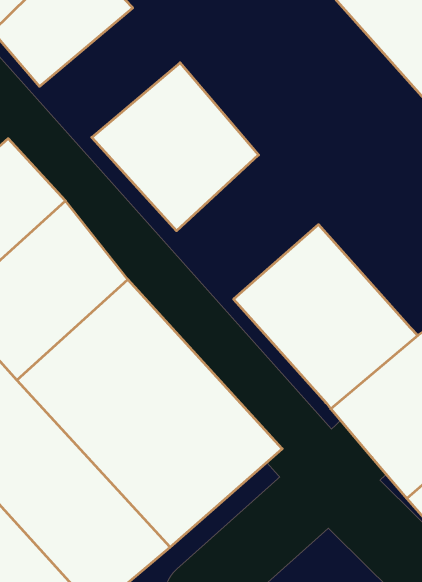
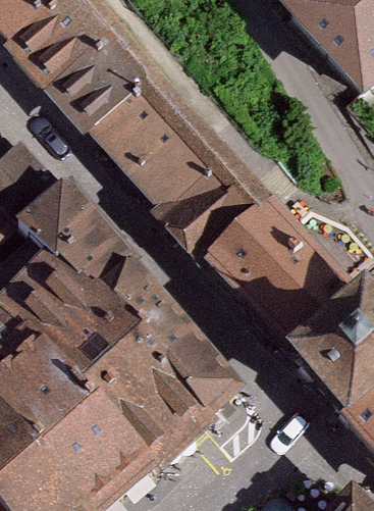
building: none -> [50,29,165,138]
building: none -> [155,149,278,270]

